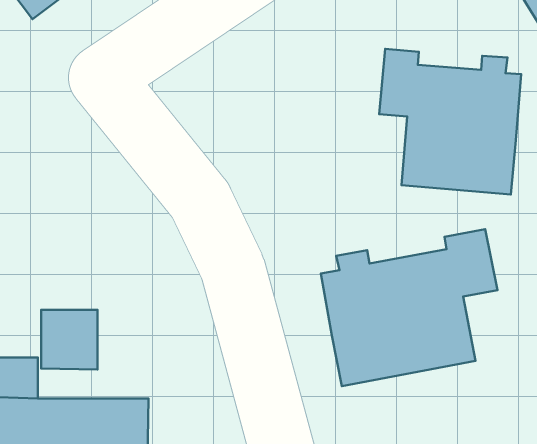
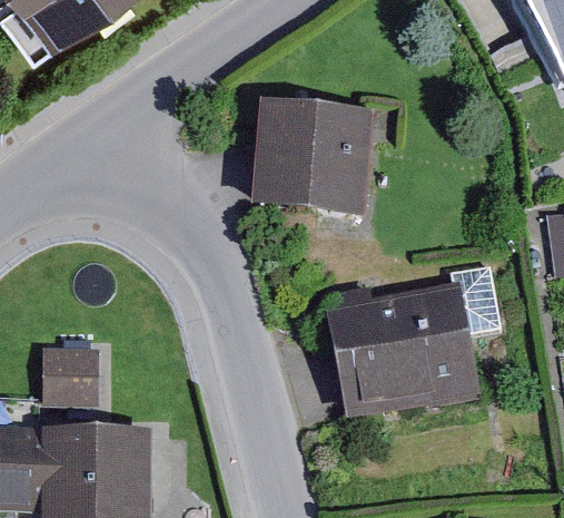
building: [379,49,521,195] -> none
building: none -> [253,105,376,223]

